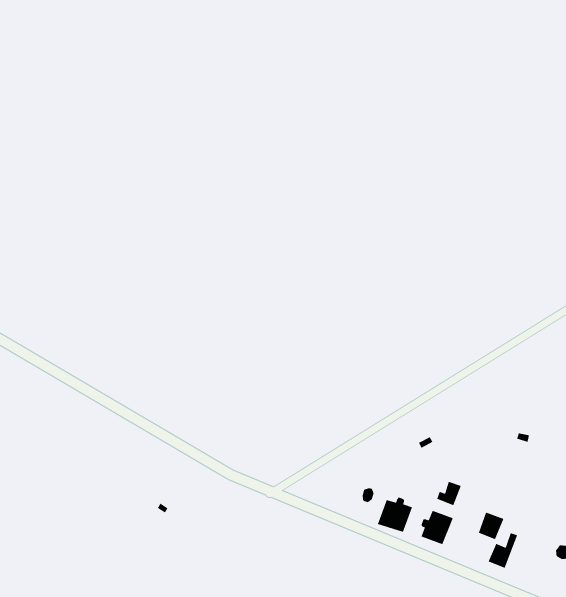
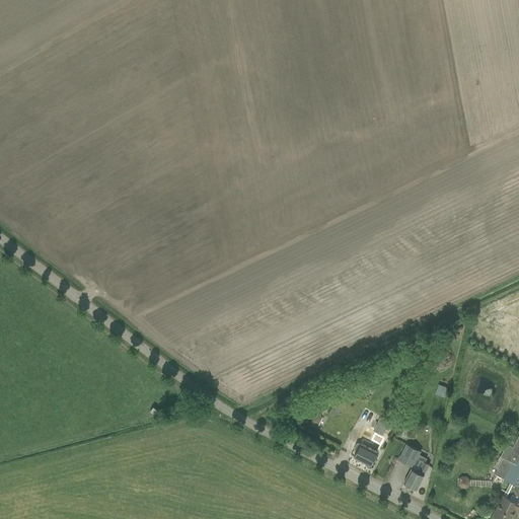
building: [377,497,413,533] -> none

